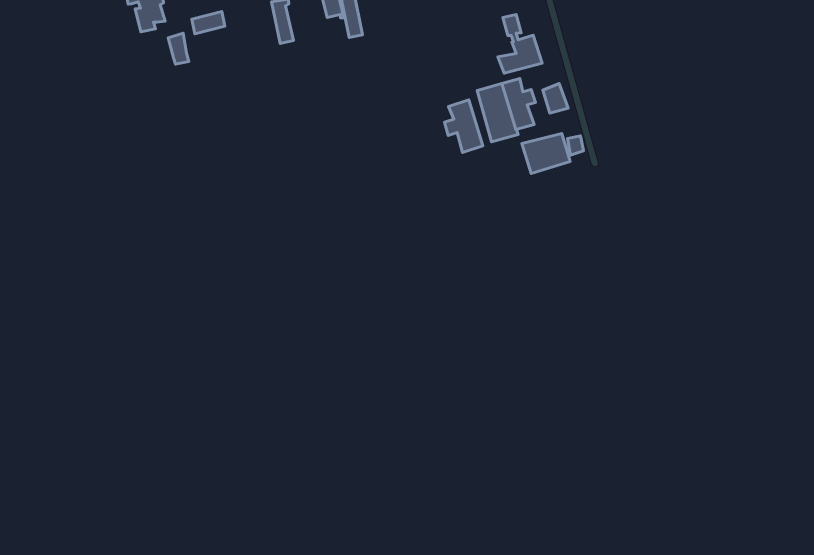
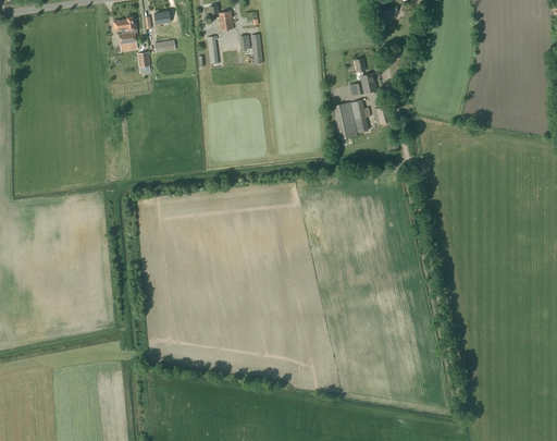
building: [445,100,483,153] -> none
building: [522,133,570,174] -> none

